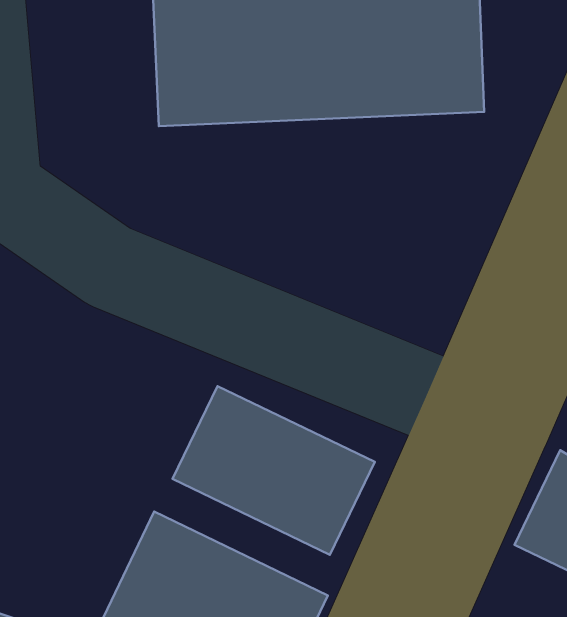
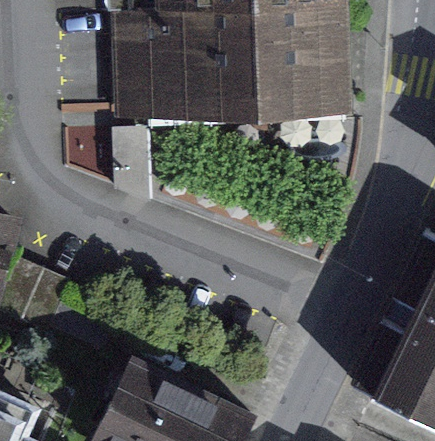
building: [173,386,375,555] -> none

